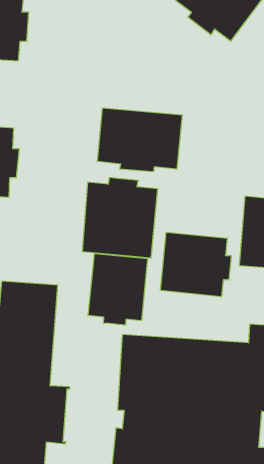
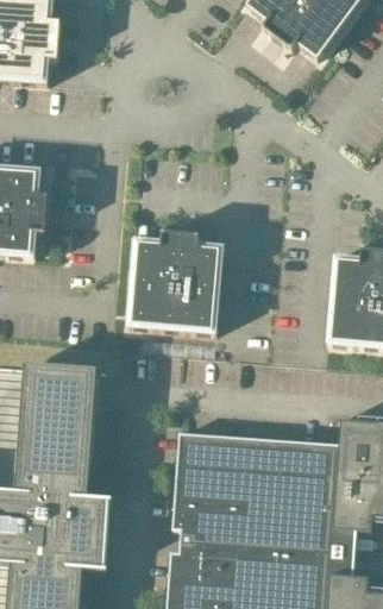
building: [97,108,182,172] -> none
building: [161,232,231,297] -> none
building: [88,253,147,325] -> none

